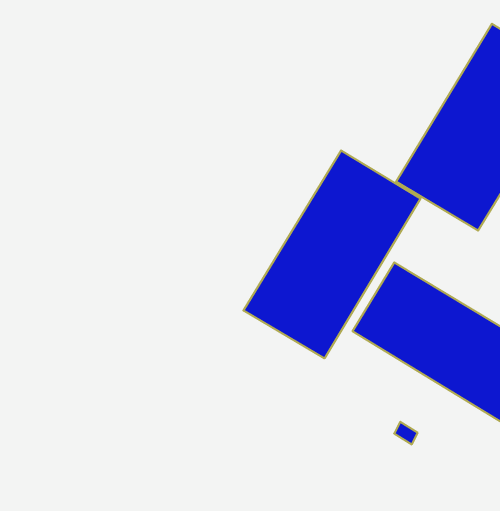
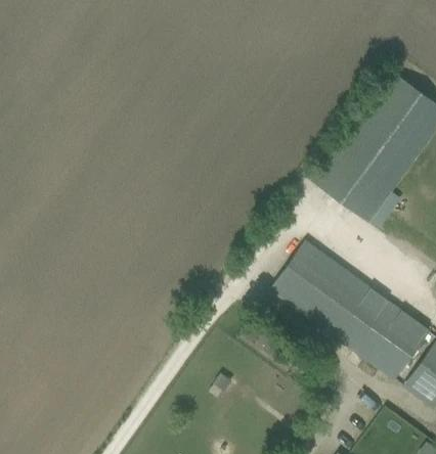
building: [243,150,421,358] -> none

